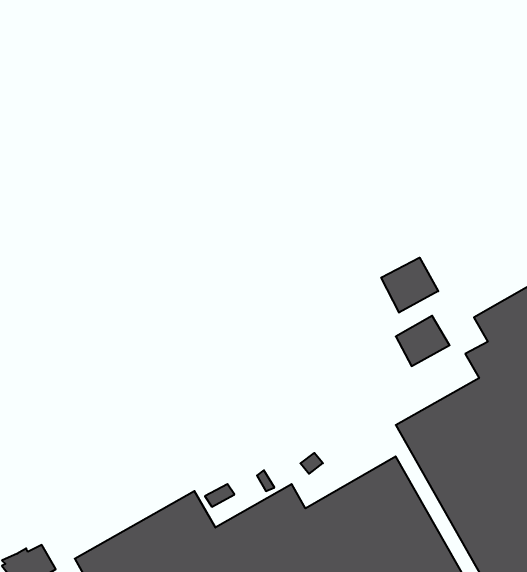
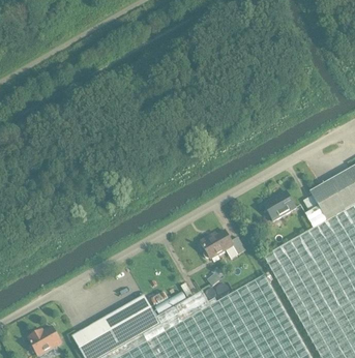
building: [381,258,438,313] -> none
building: none -> [201,232,246,261]

